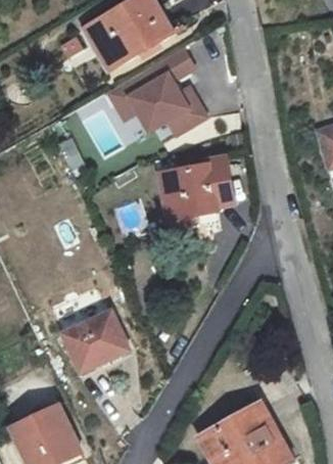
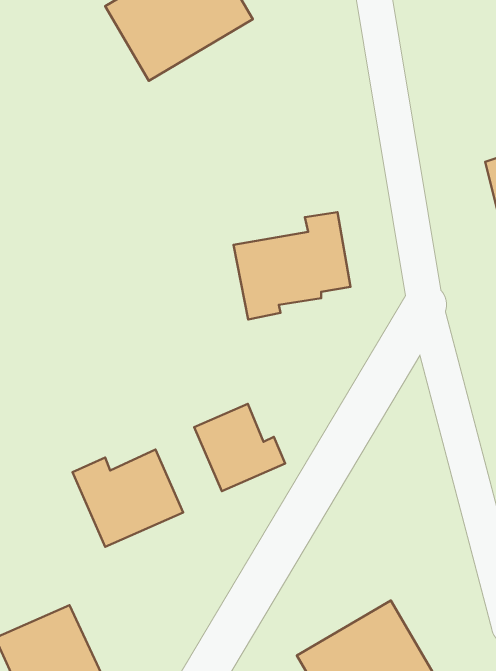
building: [104,47,208,145] -> none
building: none -> [194,404,285,491]

